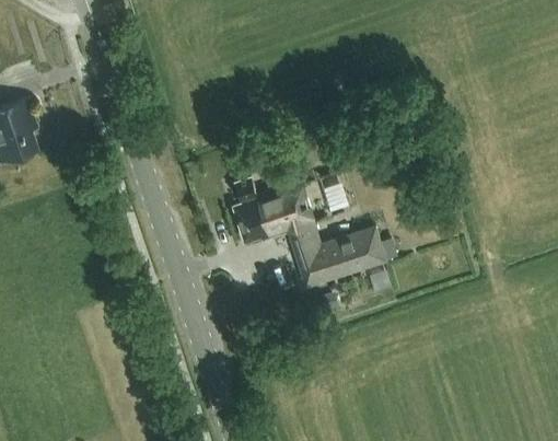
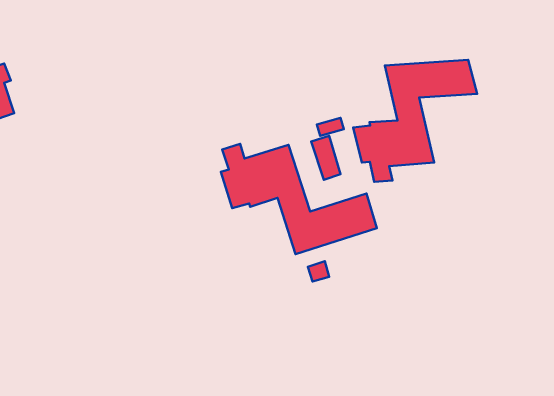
building: none -> [353,60,477,182]

